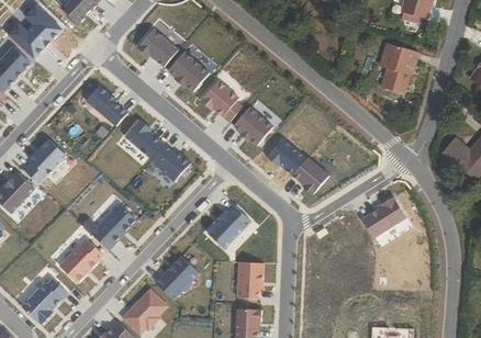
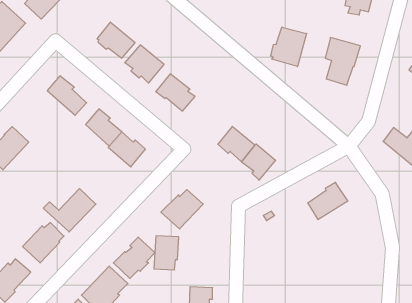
building: none -> [271,27,307,67]
building: [233,106,272,145] -> none
building: [236,262,262,298] -> [154,236,179,270]

